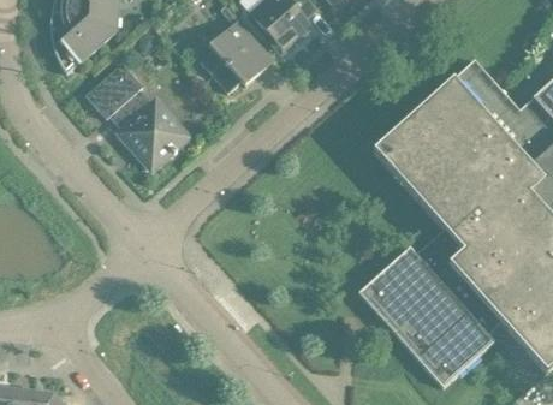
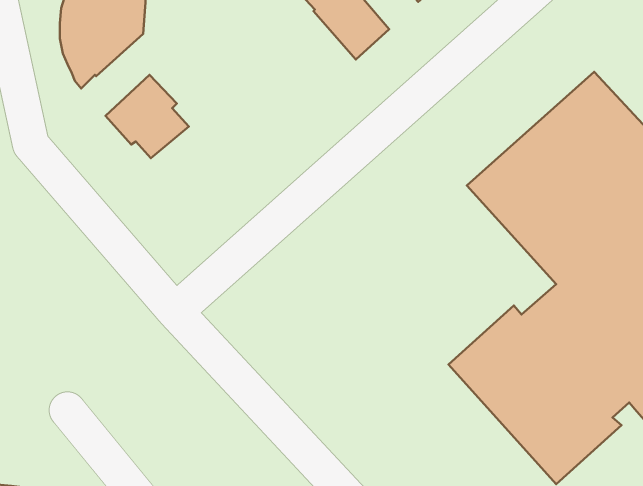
building: [201,19,274,93] -> none
building: [120,100,188,168] -> none

